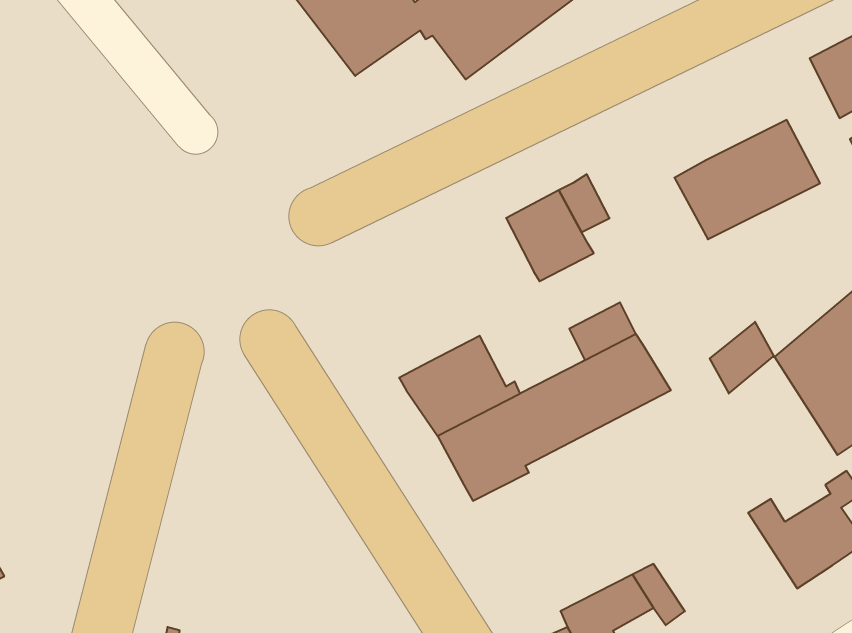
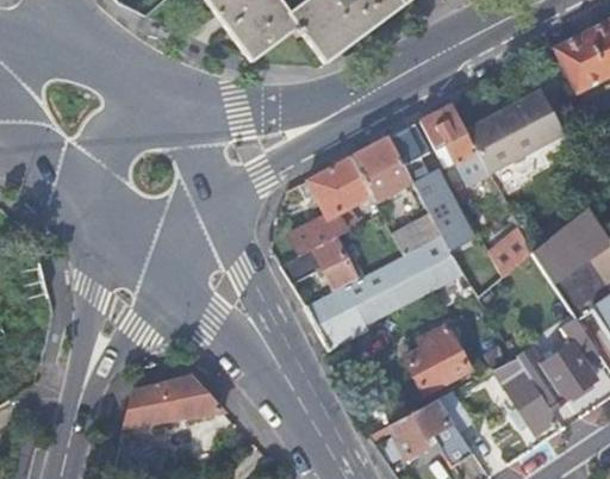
building: none -> [419,104,490,180]
building: none -> [290,157,372,255]
building: none -> [409,167,472,243]
building: none -> [406,328,471,393]
building: none -> [496,357,556,433]
building: none -> [125,377,224,427]

